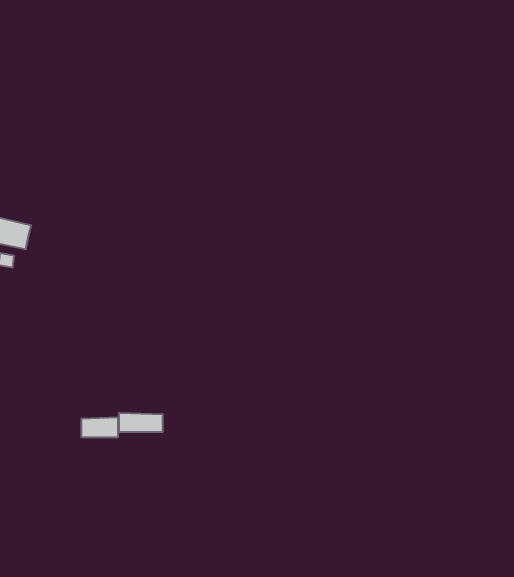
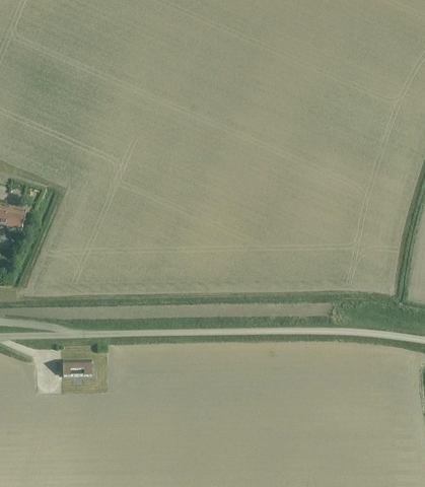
building: [119,413,162,432] -> none

